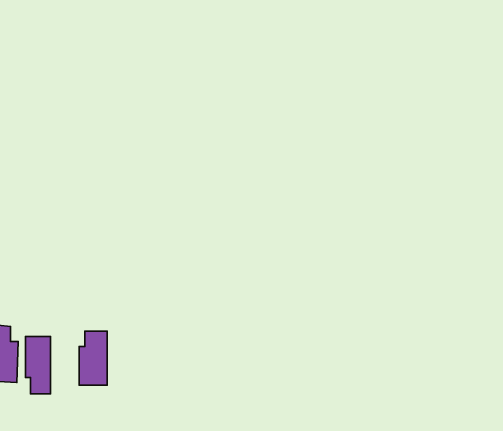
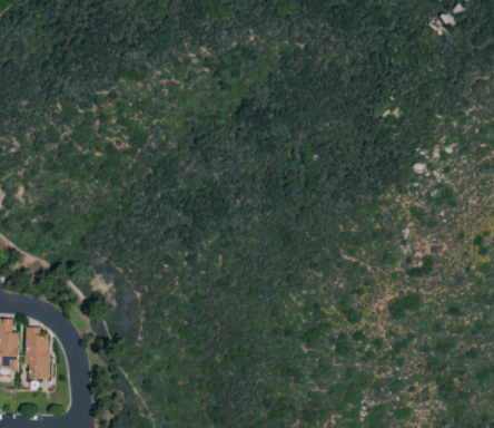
building: [79,331,107,385] -> none

